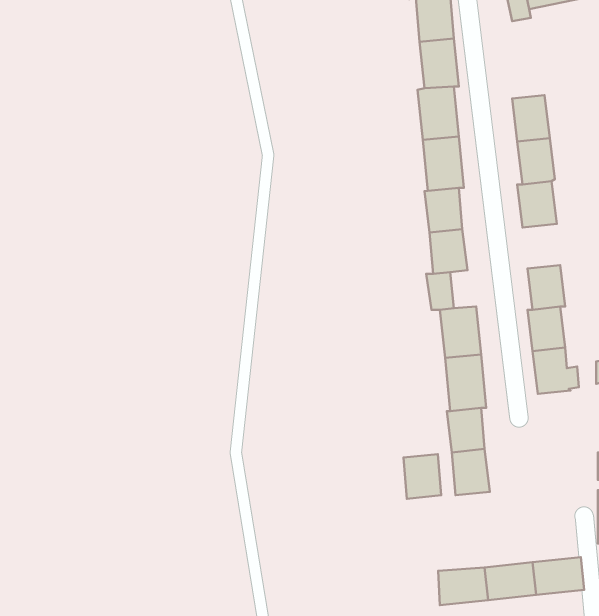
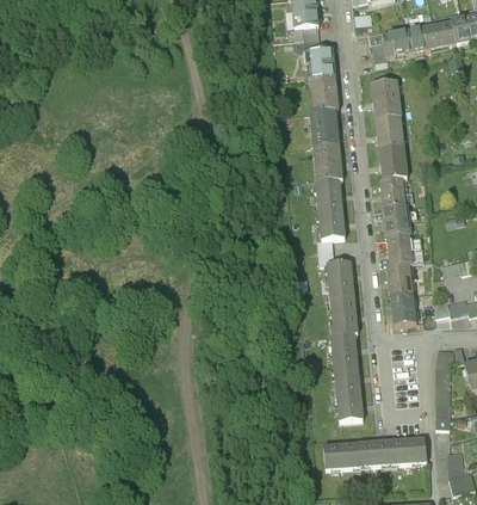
building: none -> [371,79,401,117]
building: none -> [383,204,409,235]
building: [403,454,441,499] -> [336,390,363,421]

